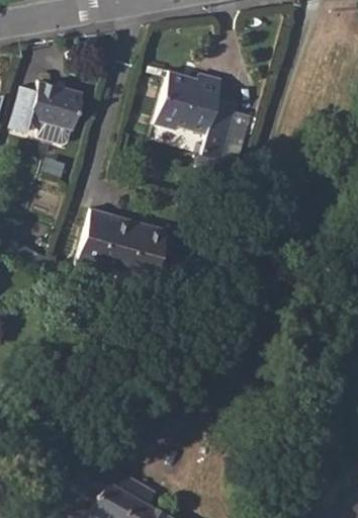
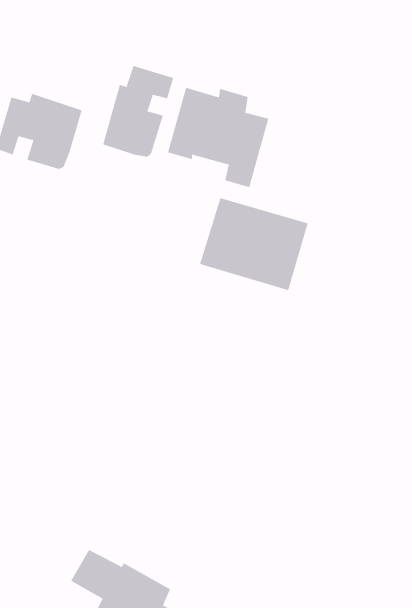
building: none -> [102,65,174,157]
building: [76,208,167,286] -> [199,198,308,291]

